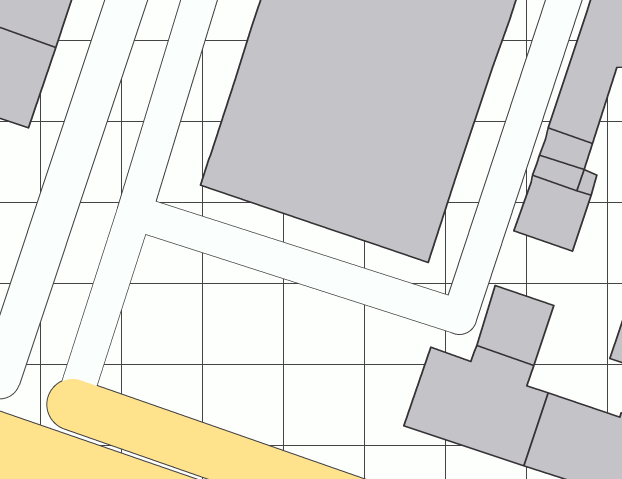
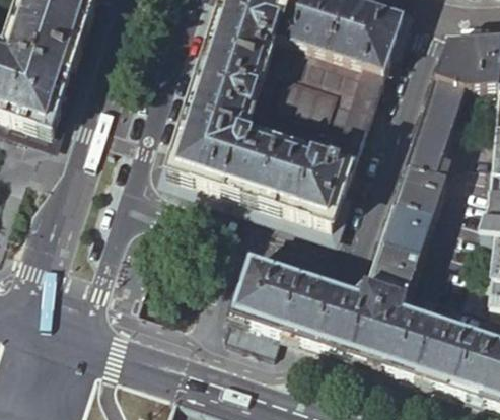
building: none -> [379,204,434,257]
building: none -> [231,258,334,342]

